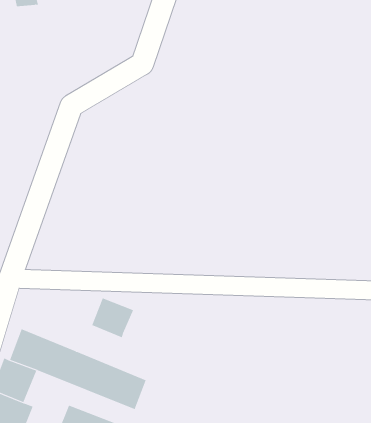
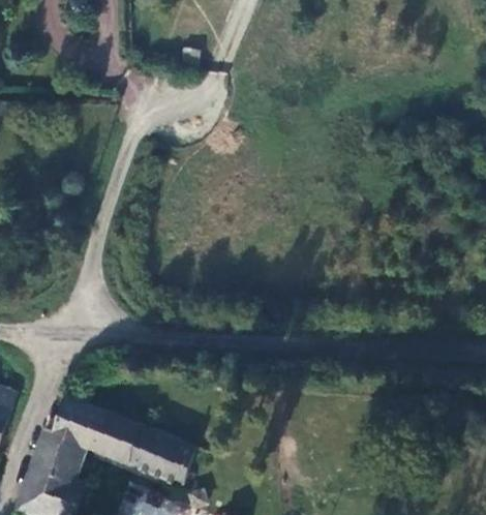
building: [92,298,134,338] -> none

